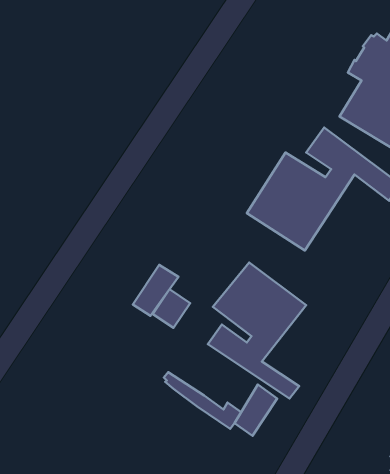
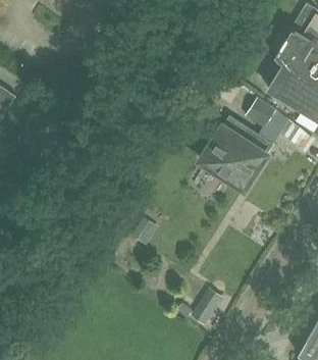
building: [208,263,306,399] -> none
building: [133,265,179,316] -> none

